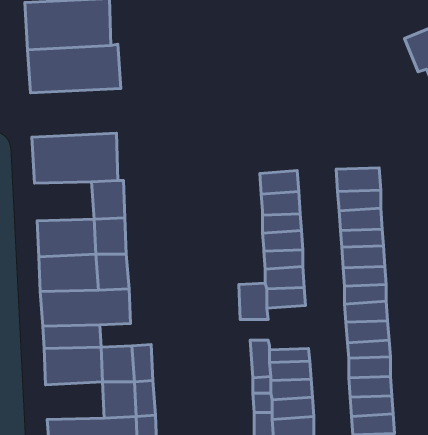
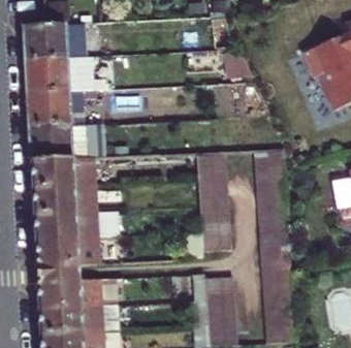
building: none -> [27,91,70,126]
building: none -> [30,159,74,188]
building: none -> [38,308,82,336]

